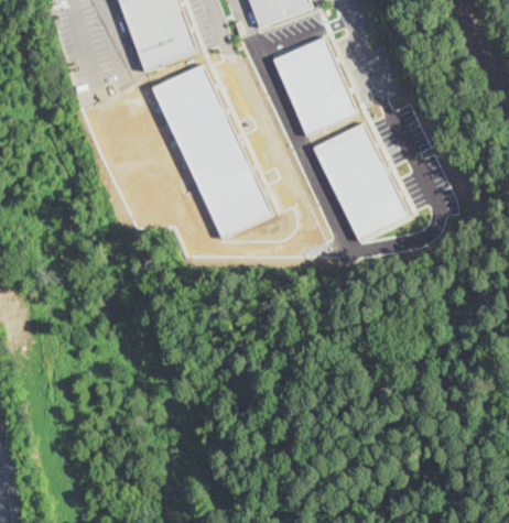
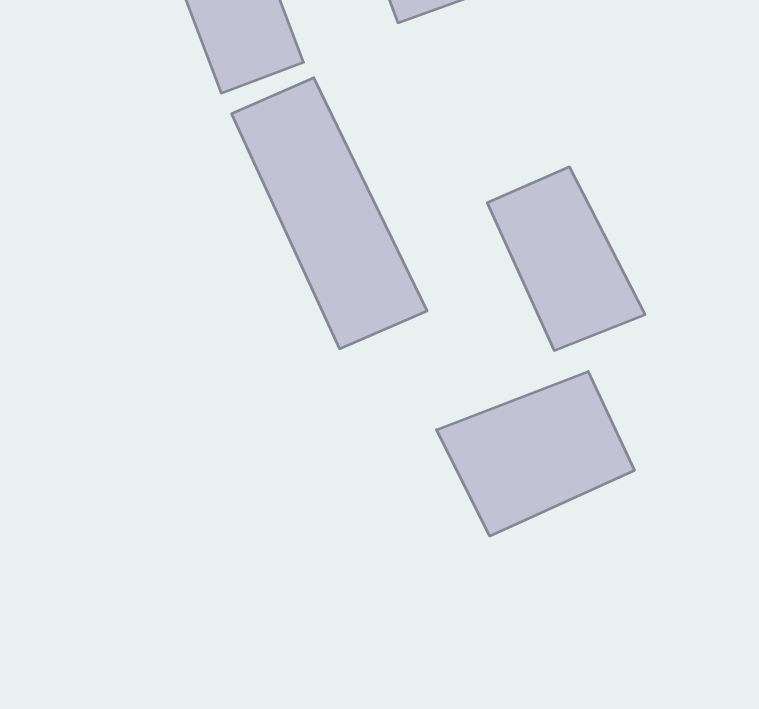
building: [274,35,361,134] -> none
building: none -> [436,371,634,536]

